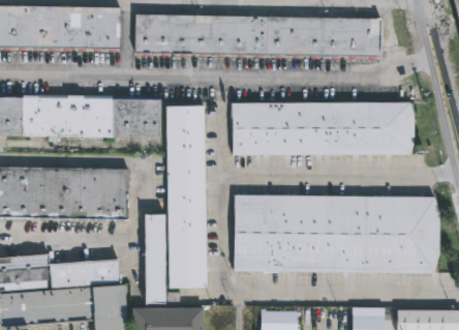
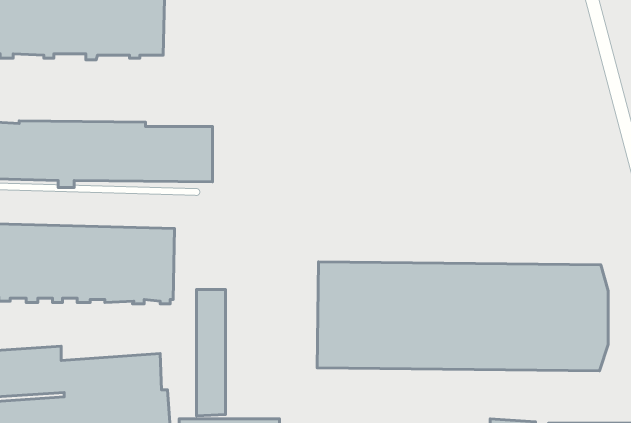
building: [134,13,382,59] -> none
building: [228,101,411,154] -> none
building: [166,106,207,288] -> none

